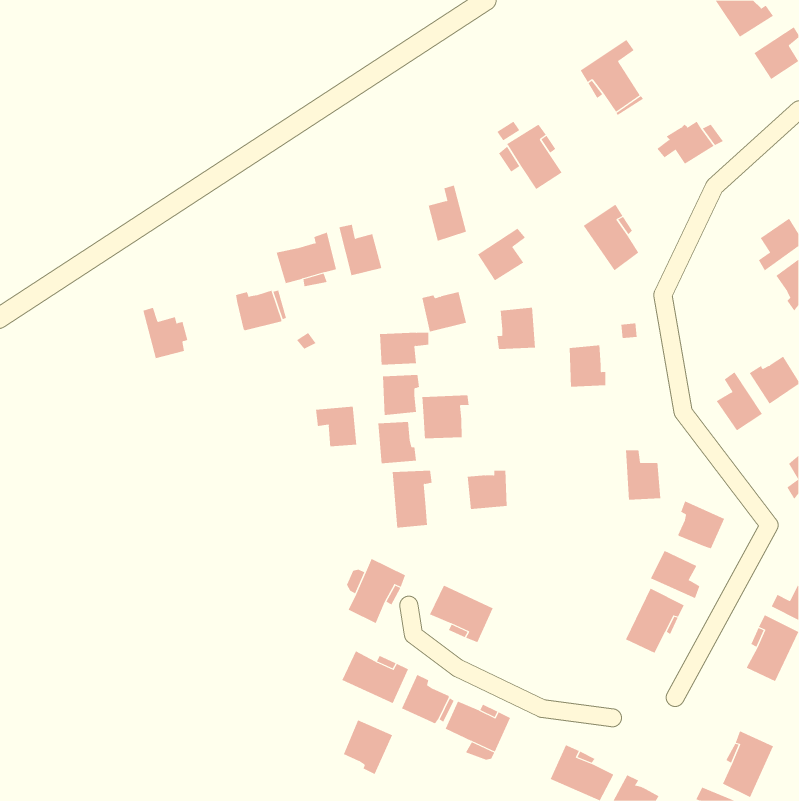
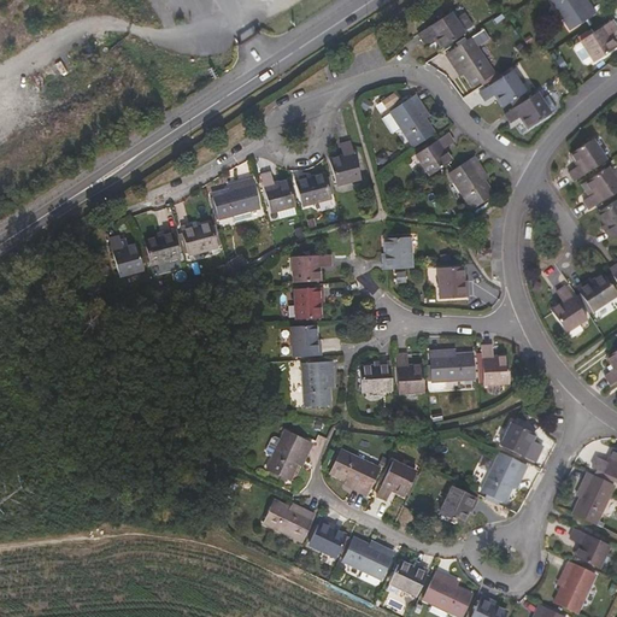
building: none -> [418,12,464,47]
building: none -> [480,71,527,106]
building: none -> [569,139,605,180]
building: [477,228,526,281] -> [416,134,453,175]
building: [421,292,467,332] -> [295,174,330,205]
building: none -> [141,229,178,264]
building: [422,395,469,439] -> none
building: [315,406,357,447] -> none
building: none -> [429,351,474,381]
building: none -> [395,354,423,393]
building: [678,501,725,549] -> none
building: none -> [377,462,416,500]
building: none -> [440,487,477,523]
building: none -> [570,529,610,568]
building: [343,719,393,775] -> none
building: none -> [389,560,428,595]

